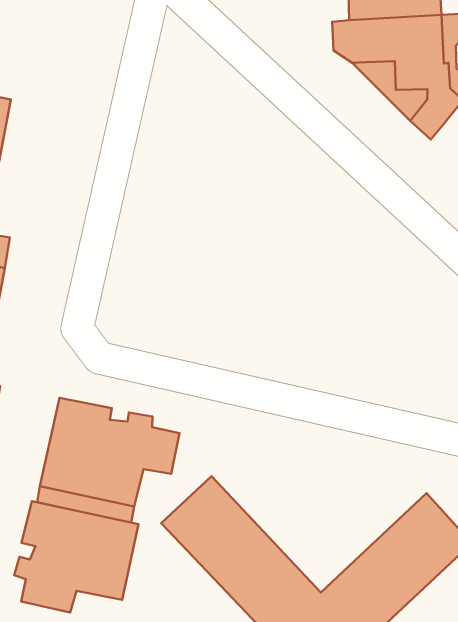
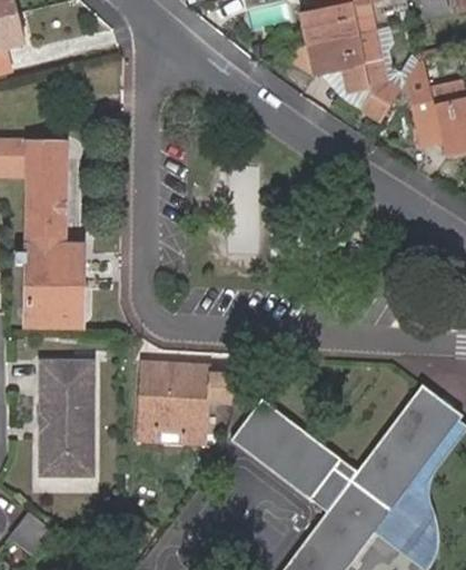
building: [14,501,139,612] -> none

